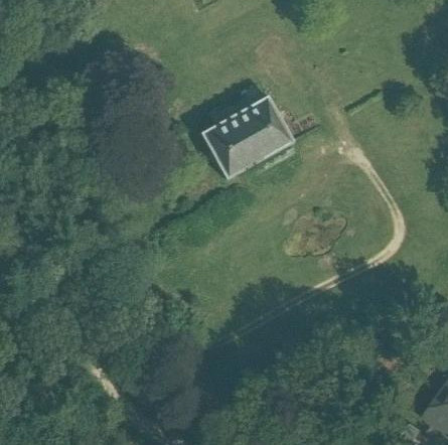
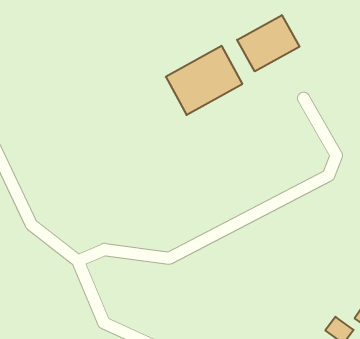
building: none -> [237,15,300,71]

